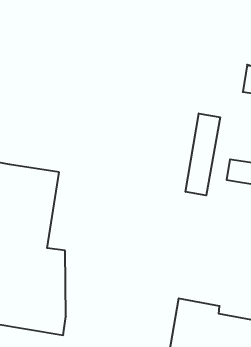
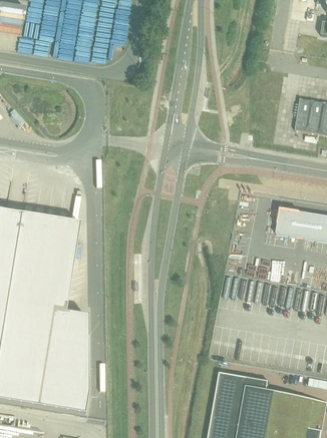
building: [186,113,220,195] -> none

